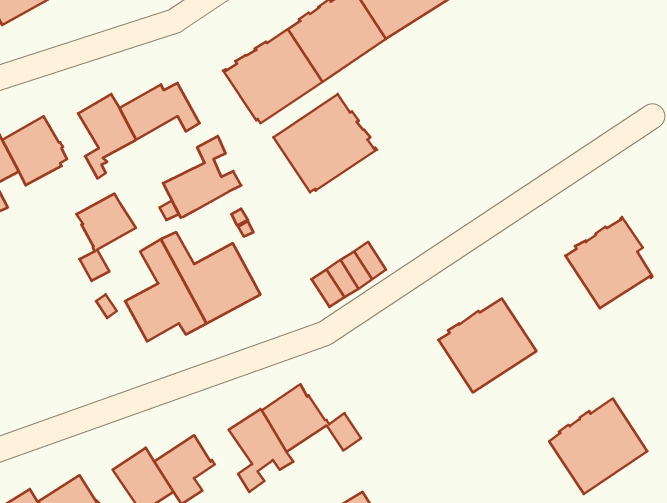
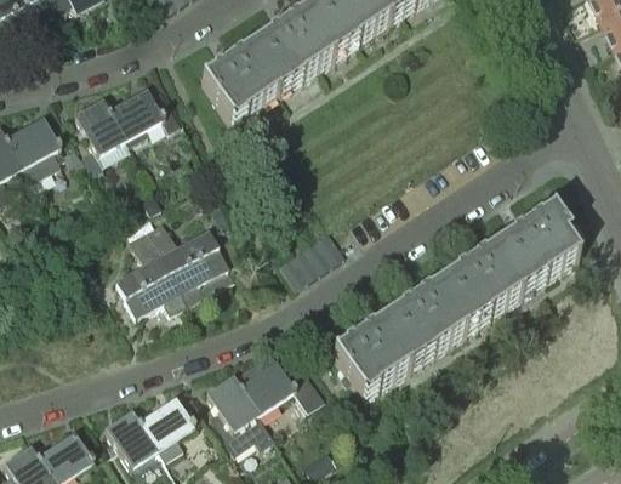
building: [273,94,377,192] -> none
building: [163,136,241,218] -> none
building: [76,194,136,281] -> none
building: none -> [331,313,420,395]
building: [549,399,647,494] -> [445,239,531,323]

